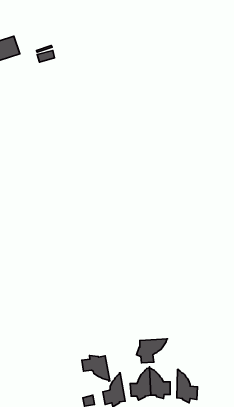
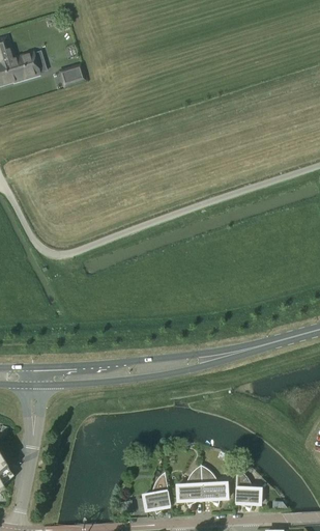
building: [137,339,167,363] -> none
building: [82,356,110,381] -> none

